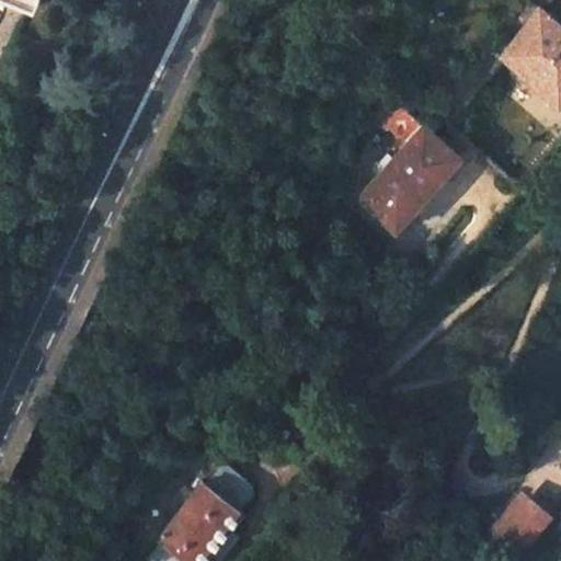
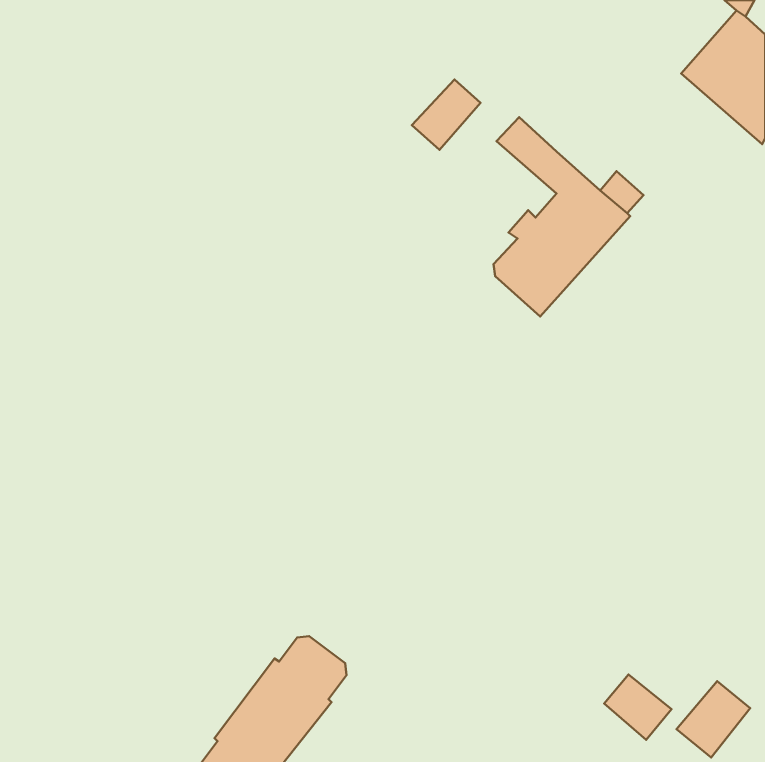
building: none -> [412,79,481,150]
building: none -> [604,675,671,740]

